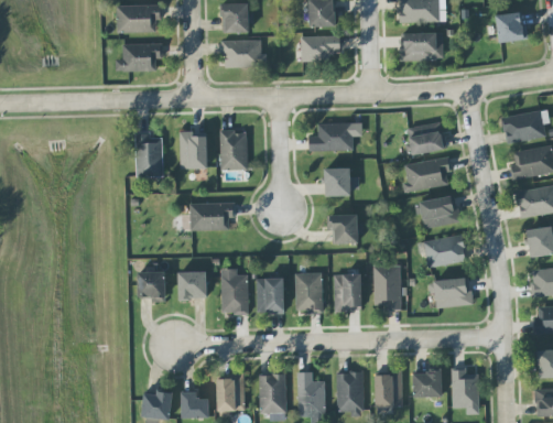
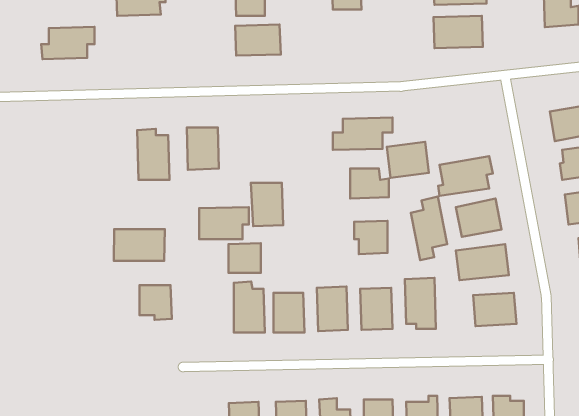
building: [300,35,340,61] -> none
building: [116,43,163,72] -> [41,27,95,59]
building: [408,122,445,154] -> [387,142,429,178]
building: [219,131,248,170] -> [251,183,283,226]
building: none -> [411,197,447,260]
building: none -> [114,229,165,261]
building: [178,271,207,297] -> [229,243,261,273]

